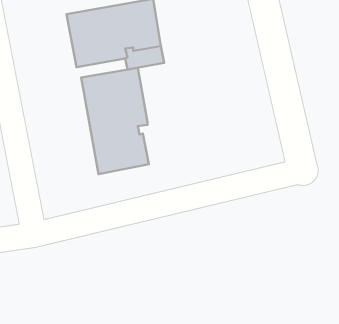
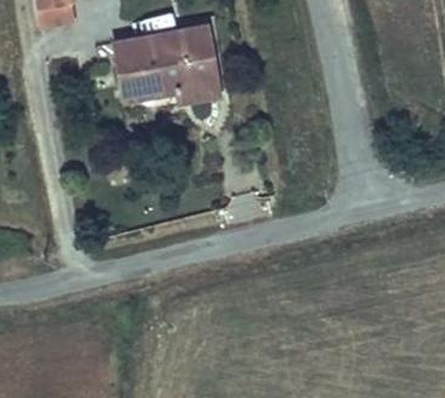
building: [81,68,149,174] -> none

